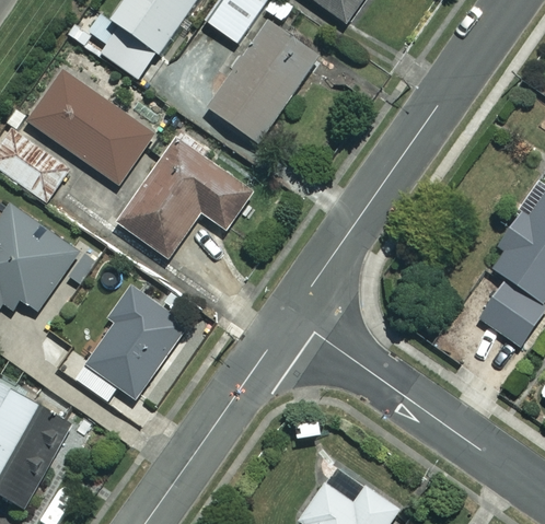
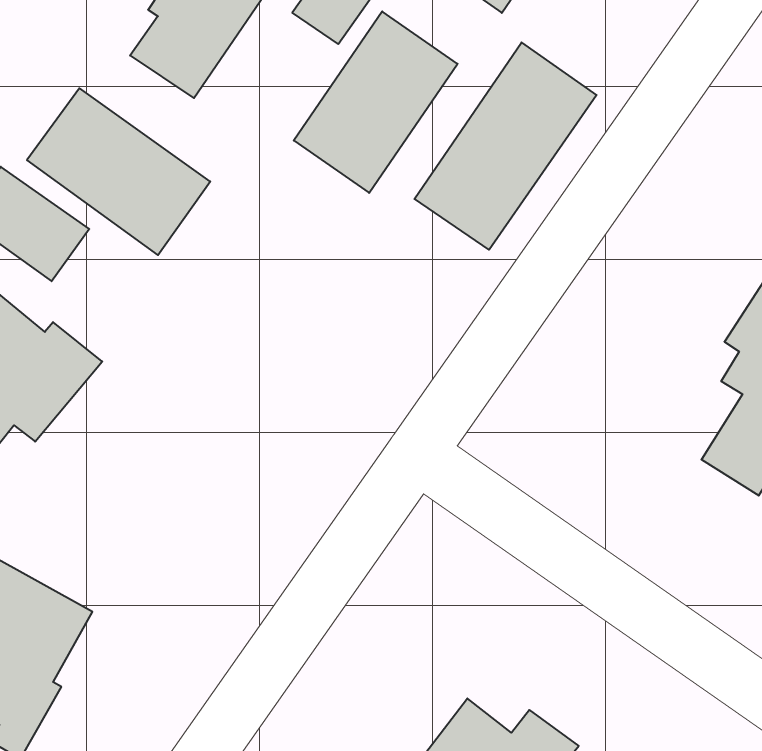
building: none -> [414,42,597,250]
building: [119,136,253,258] -> none
building: [74,284,187,400] -> none

